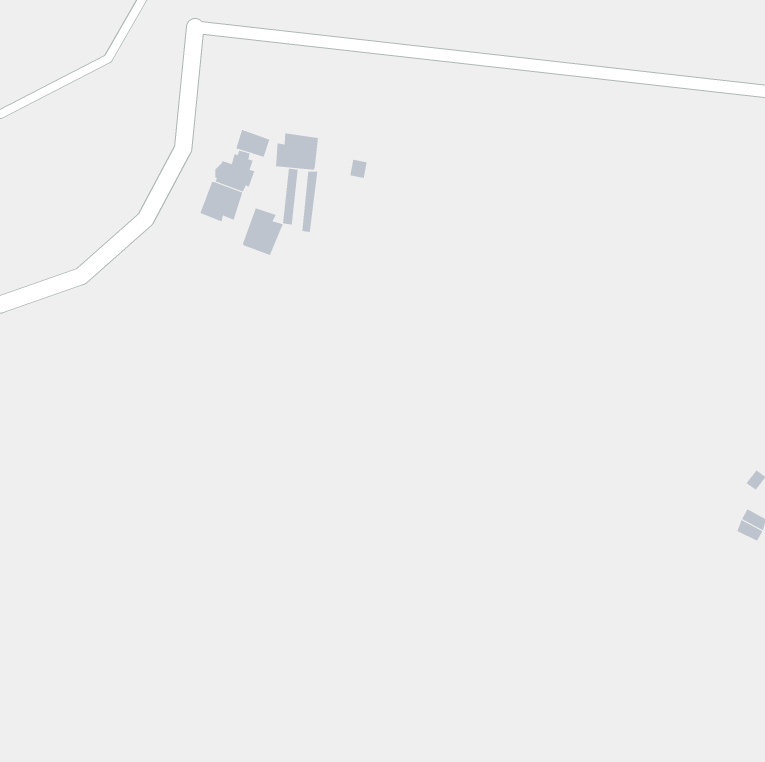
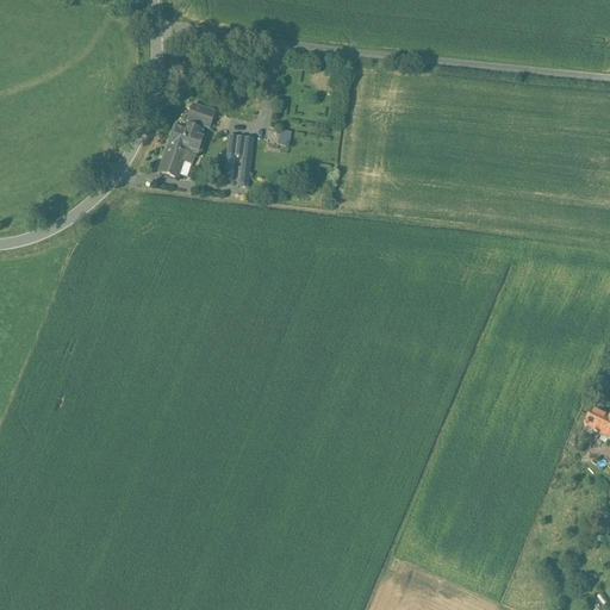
building: [275,133,319,171] -> none
building: [242,208,283,256] -> none

